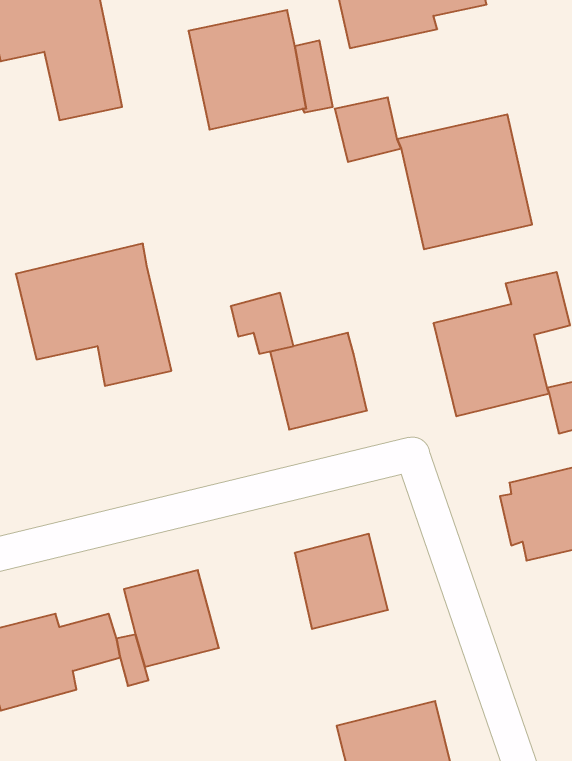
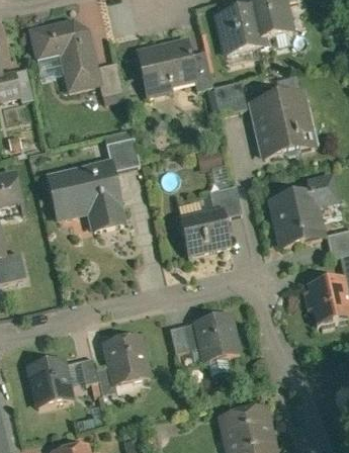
building: none -> [96,62,123,104]
building: none -> [107,138,140,171]
building: [231,293,293,354] -> [208,185,242,217]
building: none -> [168,324,197,352]

